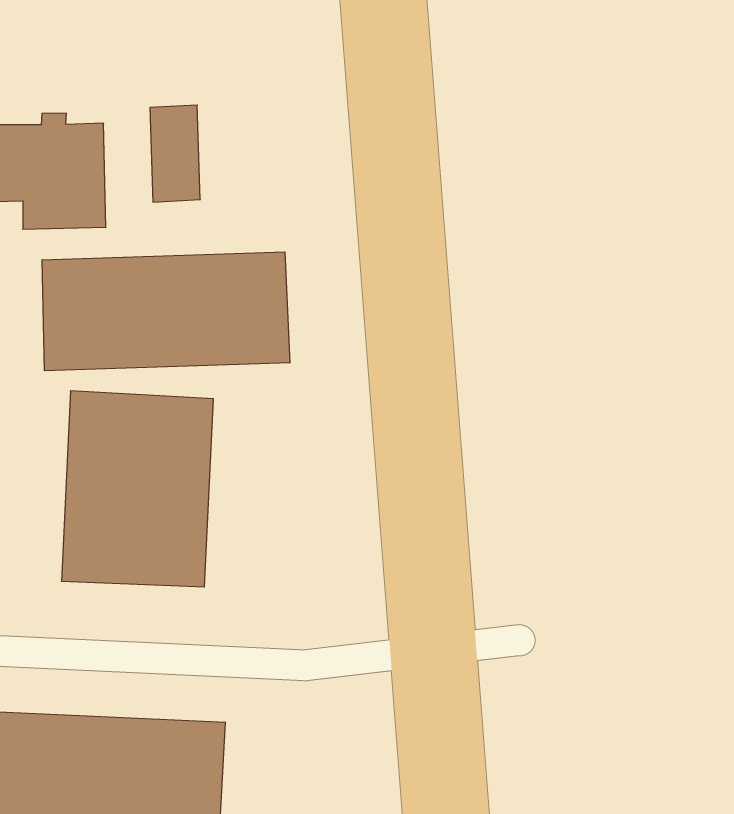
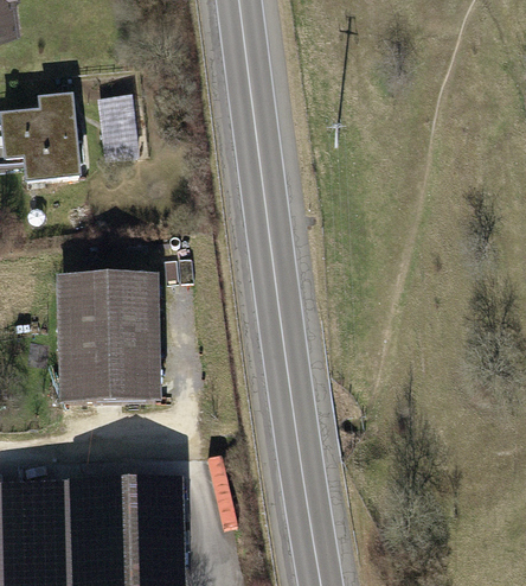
building: [42,252,290,371] -> none

